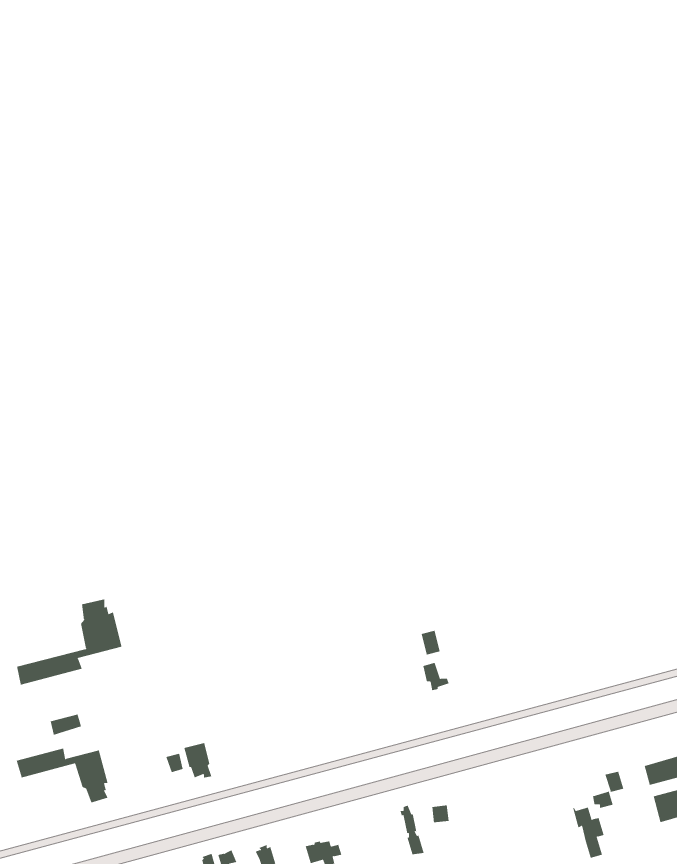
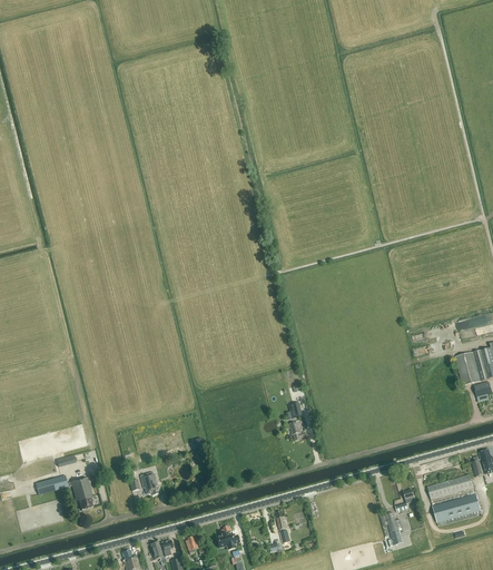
building: [16,598,122,685] -> none

